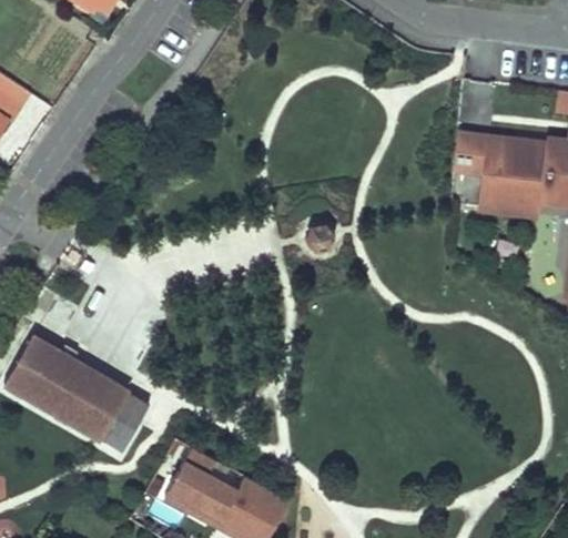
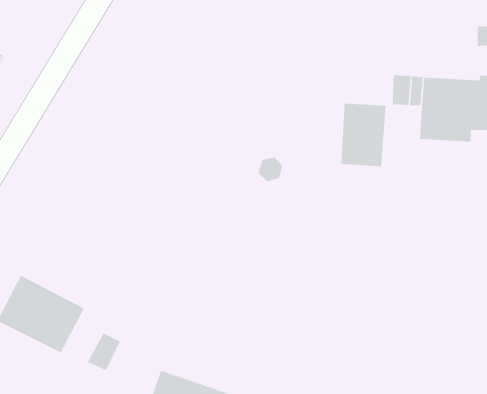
building: none -> [341,103,386,167]
building: [73,376,148,438] -> none

